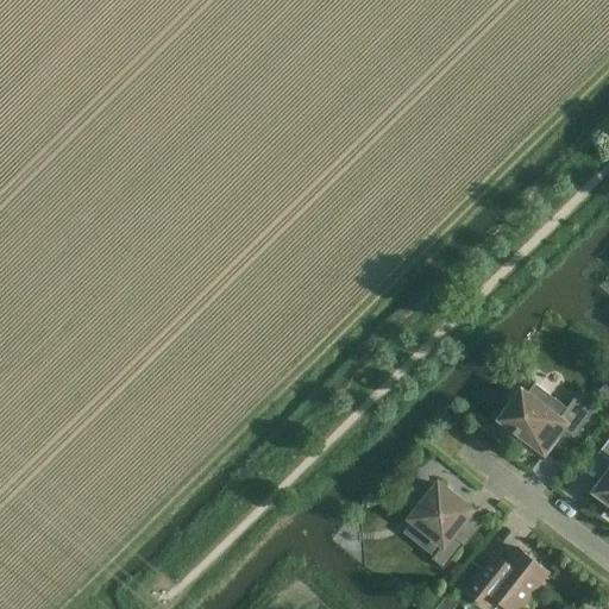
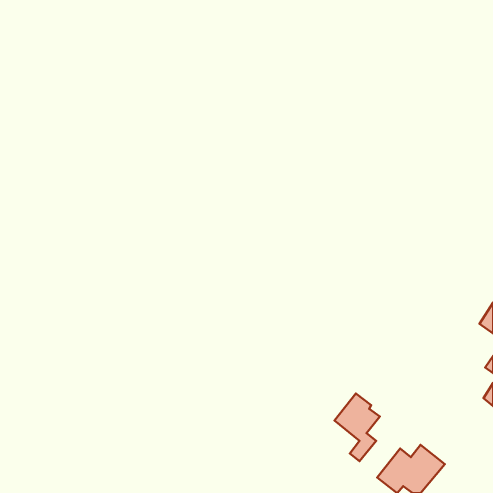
building: [502,391,592,451] -> none

